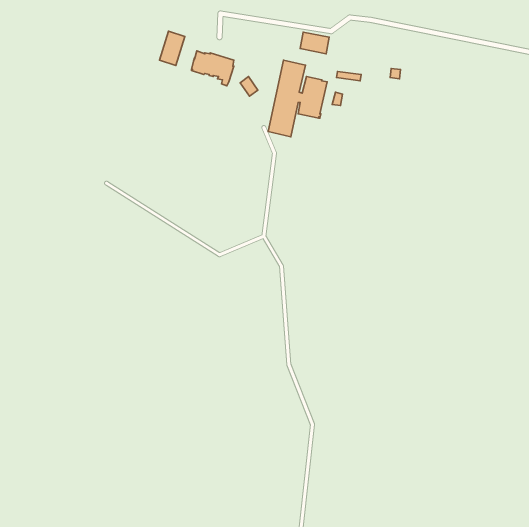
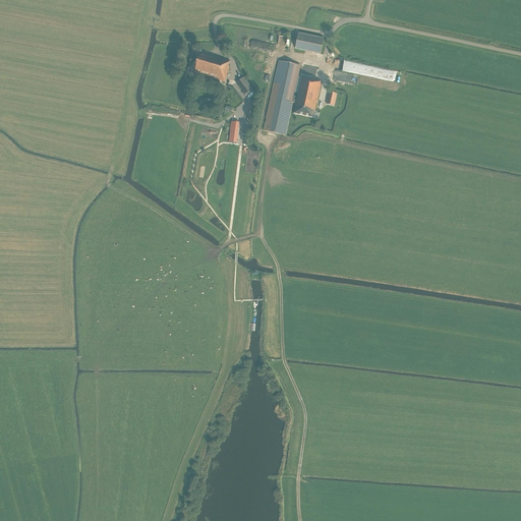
building: [160,31,185,65] -> none

